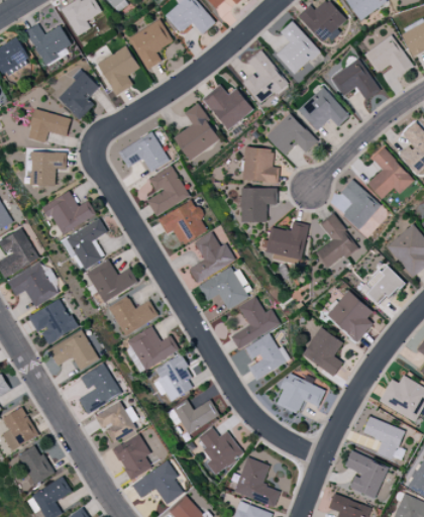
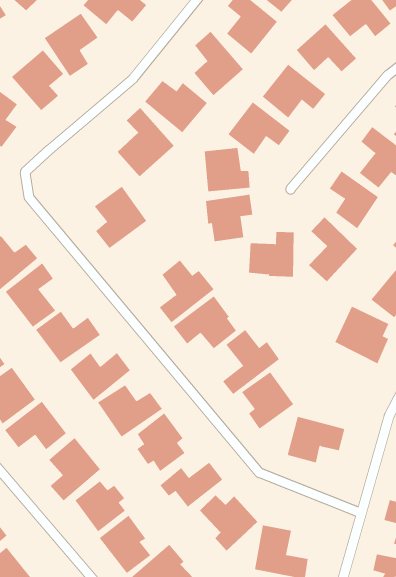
building: [119,133,169,171] -> none
building: [158,201,210,245] -> none
building: [302,327,343,377] -> none

